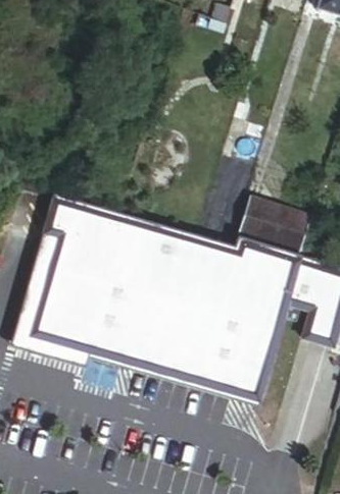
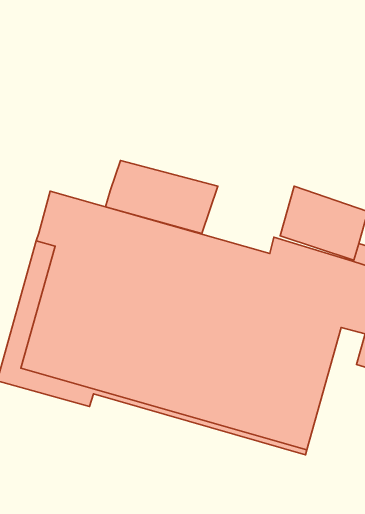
building: none -> [105,161,218,233]

